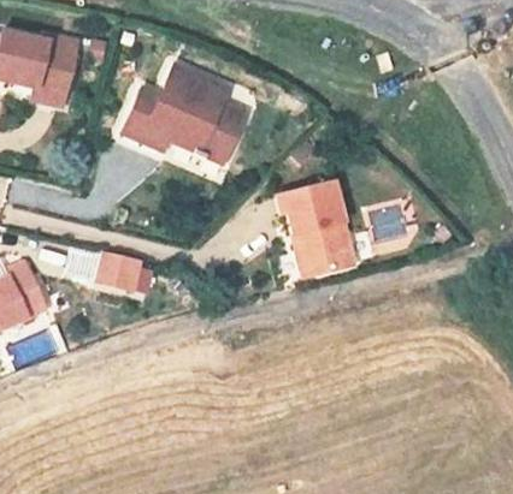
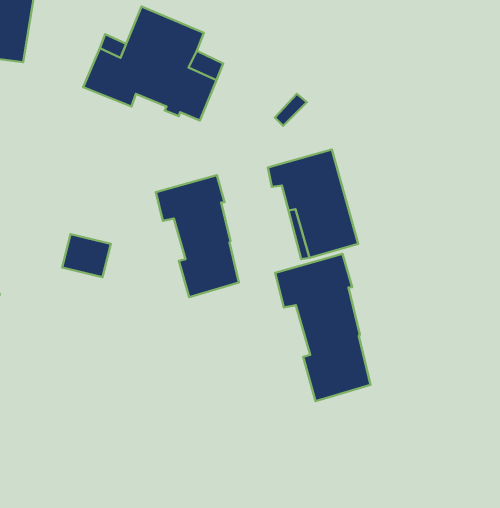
building: none -> [156,175,239,297]
building: none -> [275,254,371,401]

